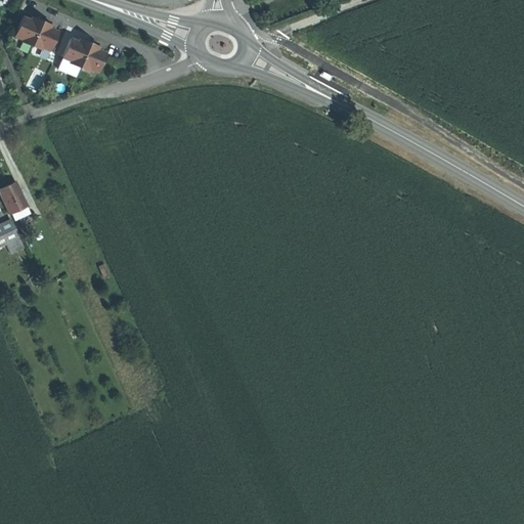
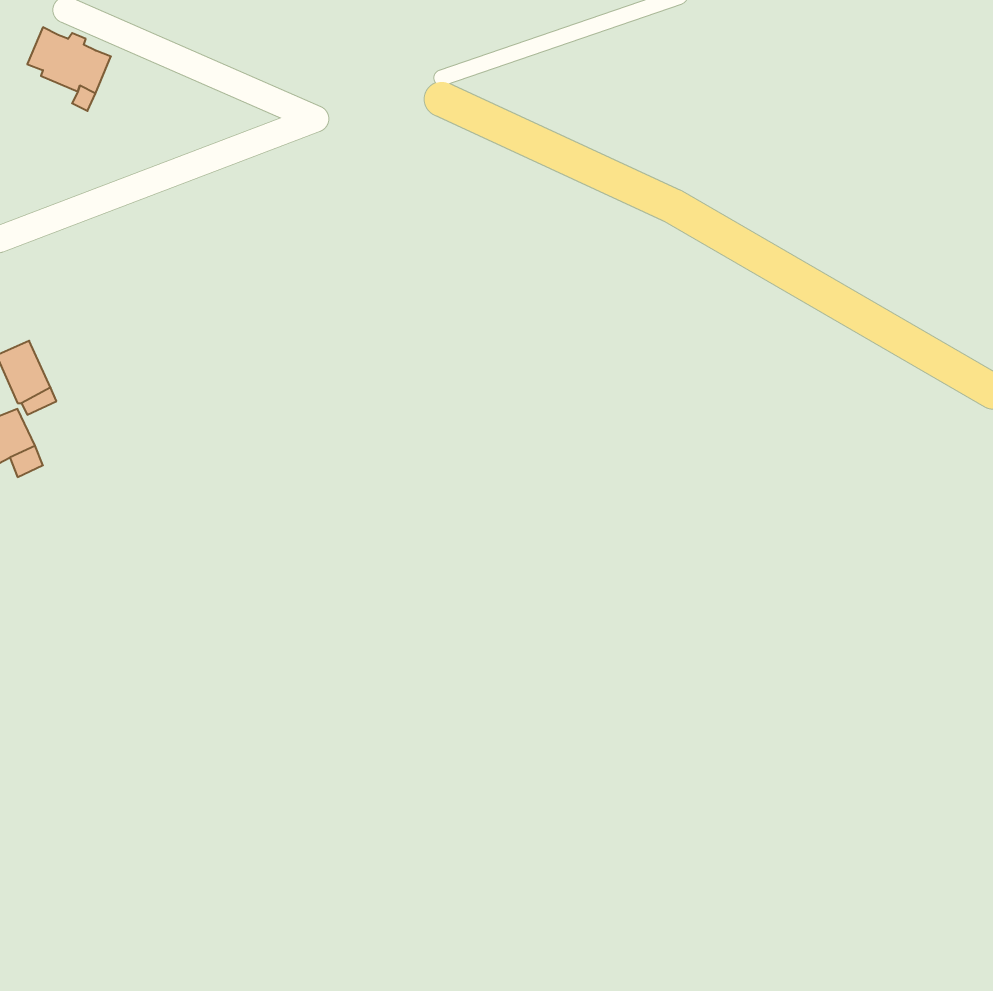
building: [61,37,105,71] -> none

